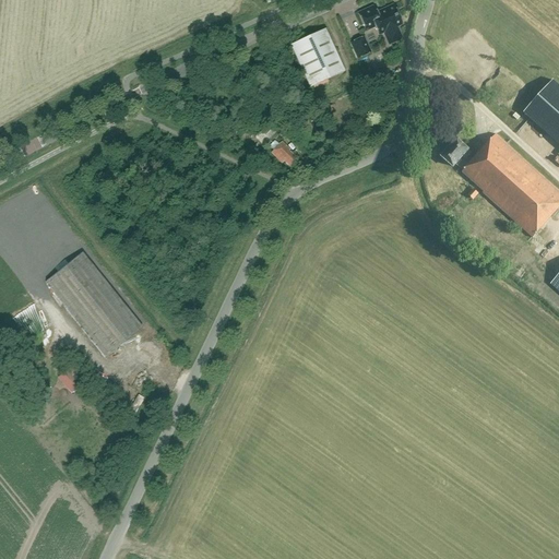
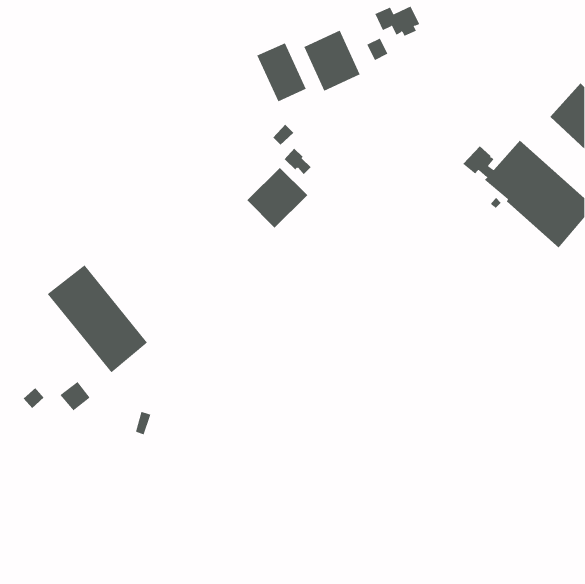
building: none -> [257,42,307,102]
building: none -> [246,167,308,228]

